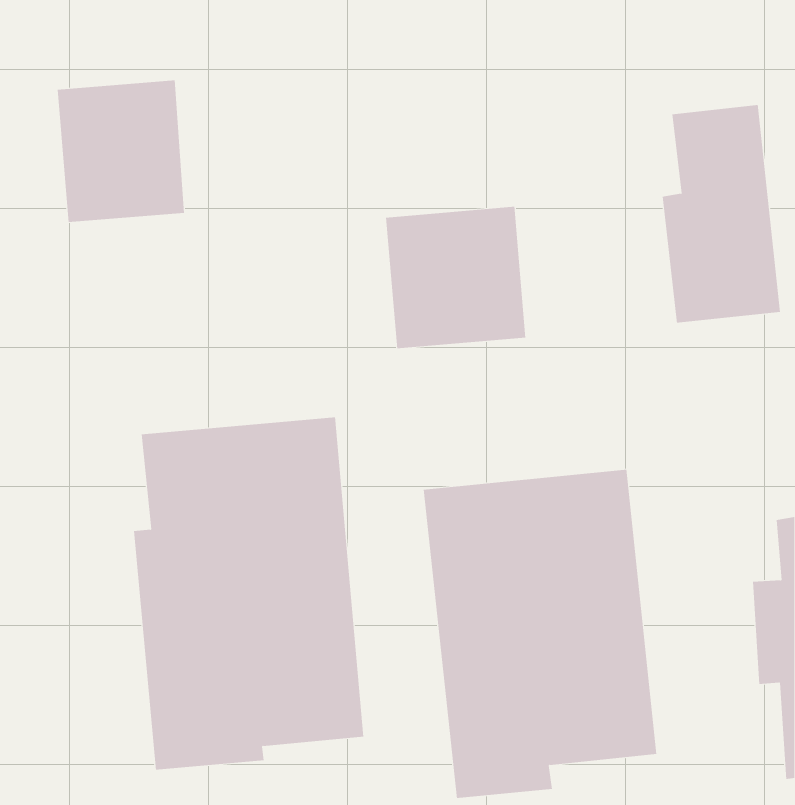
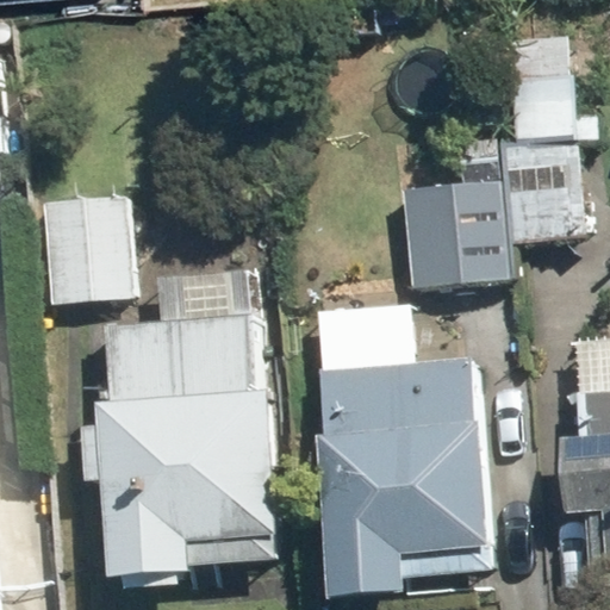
building: [57,80,185,223] -> [36,195,132,303]
building: [385,206,526,349] -> [399,179,505,286]

